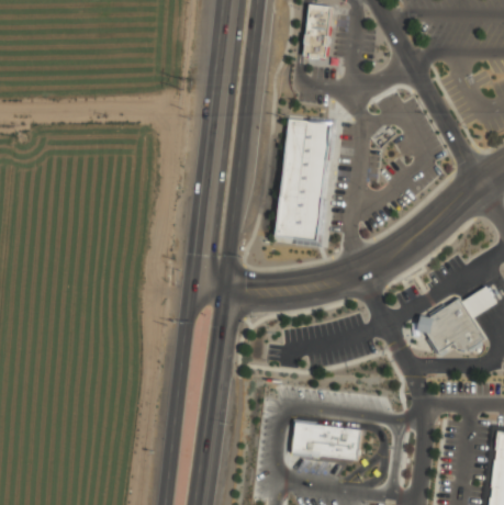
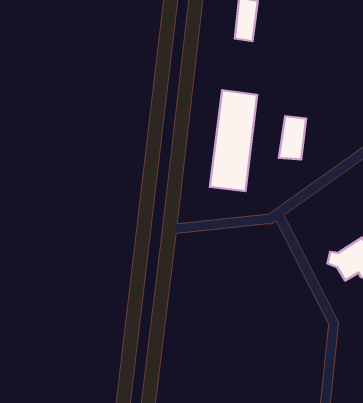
building: none -> [279,116,306,160]
building: [292,424,361,460] -> none

